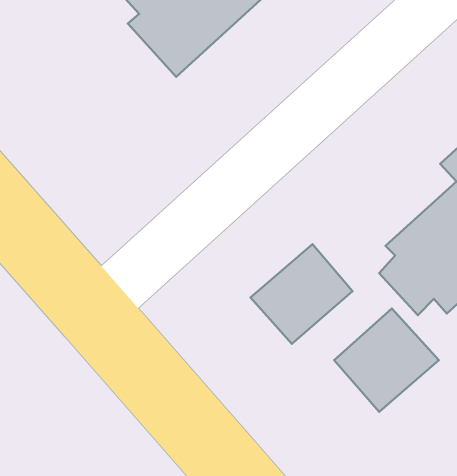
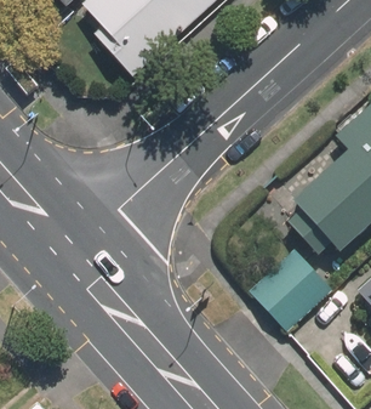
building: [250,244,352,344] -> none

